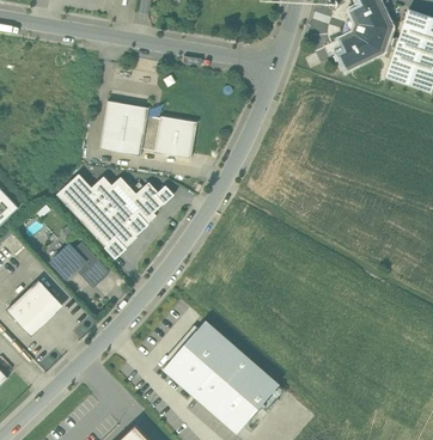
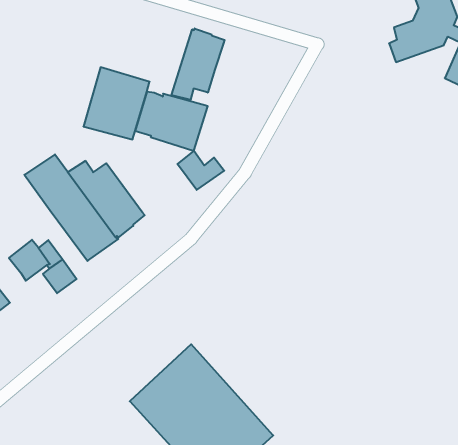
building: none -> [172,28,225,100]
building: [136,182,175,213] -> [177,151,224,190]

